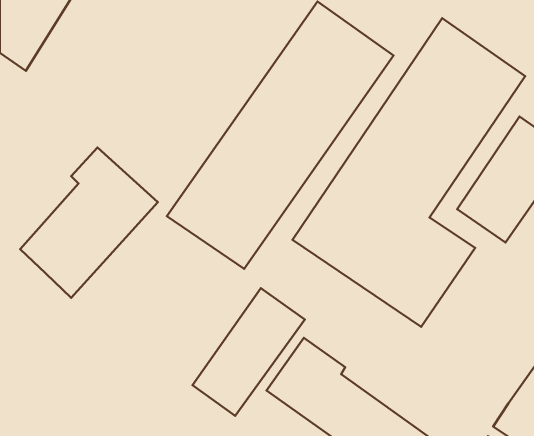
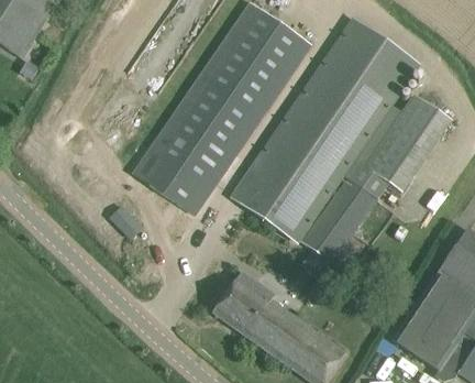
building: [20,148,158,298] -> none
building: none -> [110,199,145,239]
building: [192,288,305,416] -> none

